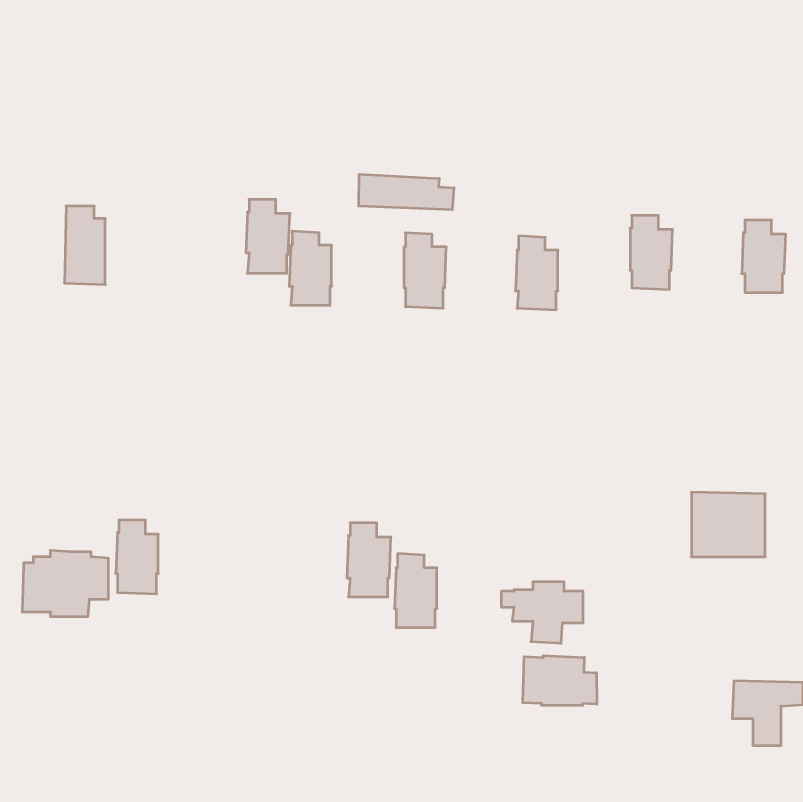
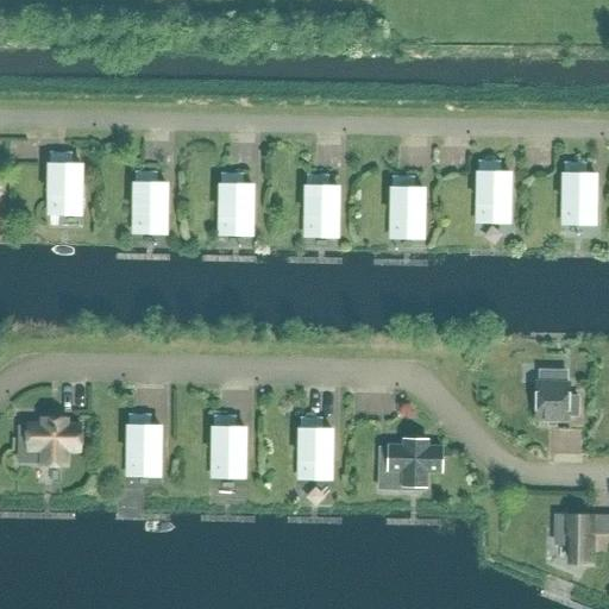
building: [359,174,454,210] -> none
building: [246,199,290,273] -> [133,175,167,231]
building: [116,520,158,594] -> [127,417,159,473]
building: [347,523,391,597] -> [212,419,245,475]
building: [523,656,597,705] -> none

